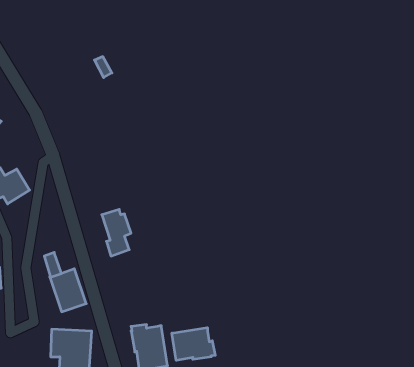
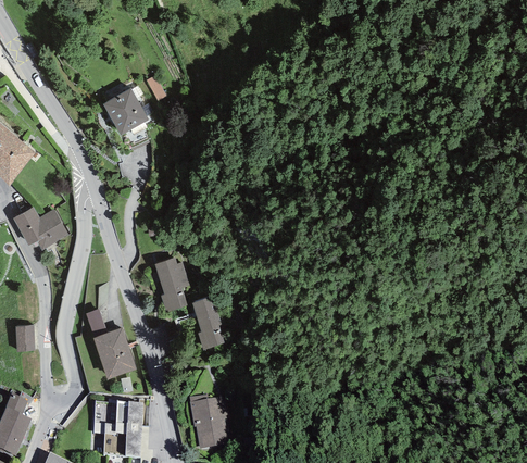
building: none -> [102,87,148,135]
building: none -> [191,296,225,350]
building: [172,328,215,360] -> none

